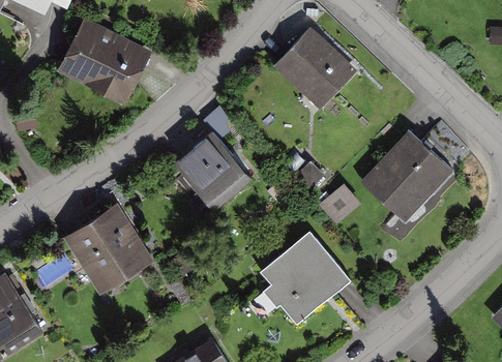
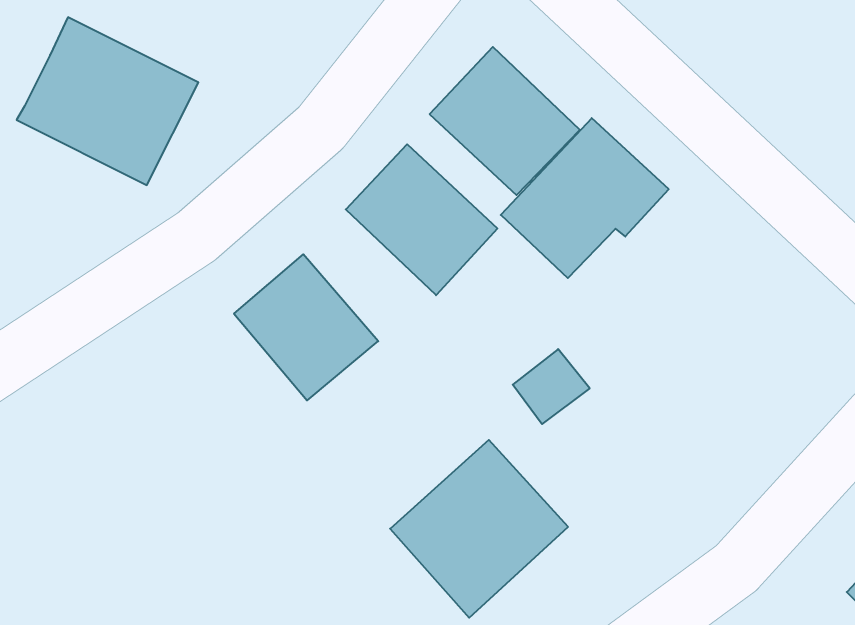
building: none -> [346,144,497,295]
building: [359,132,447,216] -> [501,118,669,278]
building: [62,211,147,293] -> none

